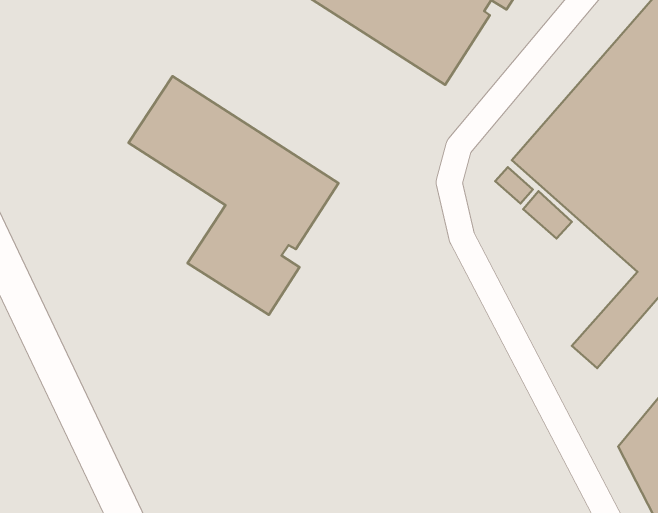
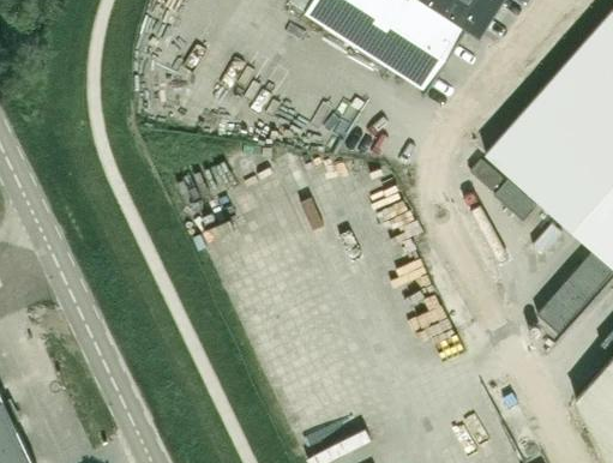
building: [128,76,339,315] -> none

